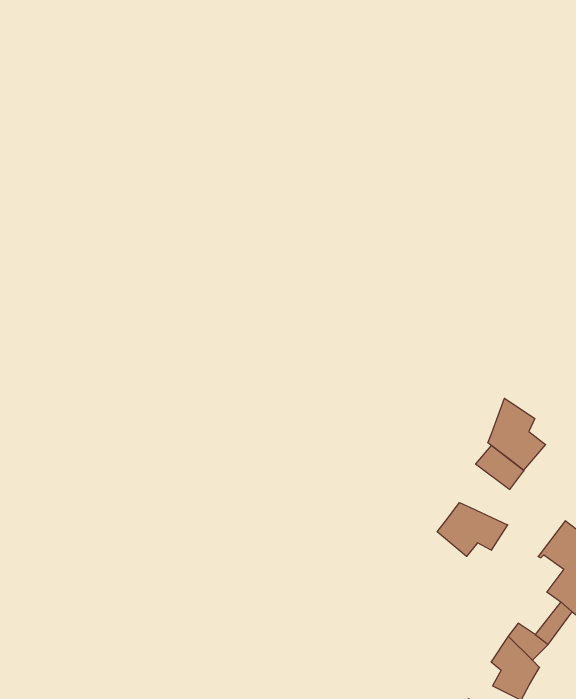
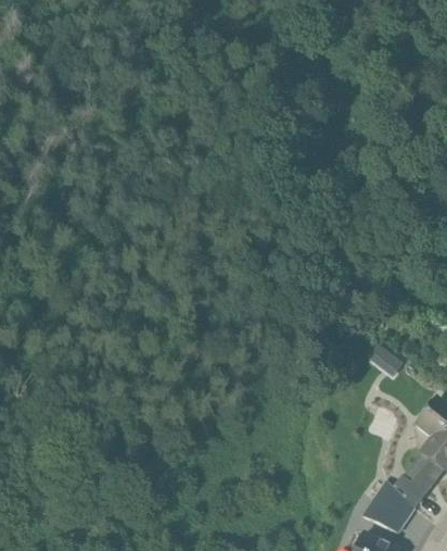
building: [488,398,546,470] -> none
building: [437,503,508,556] -> none

